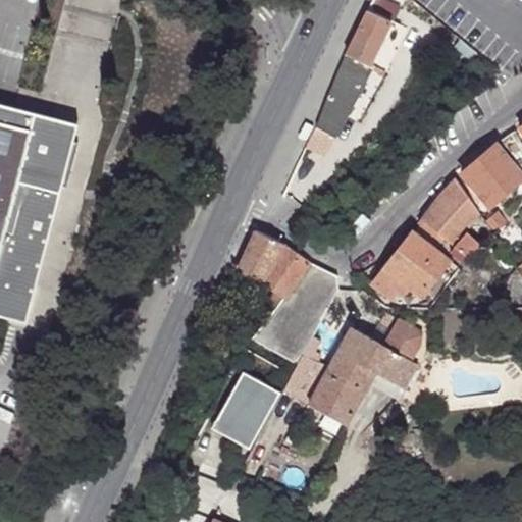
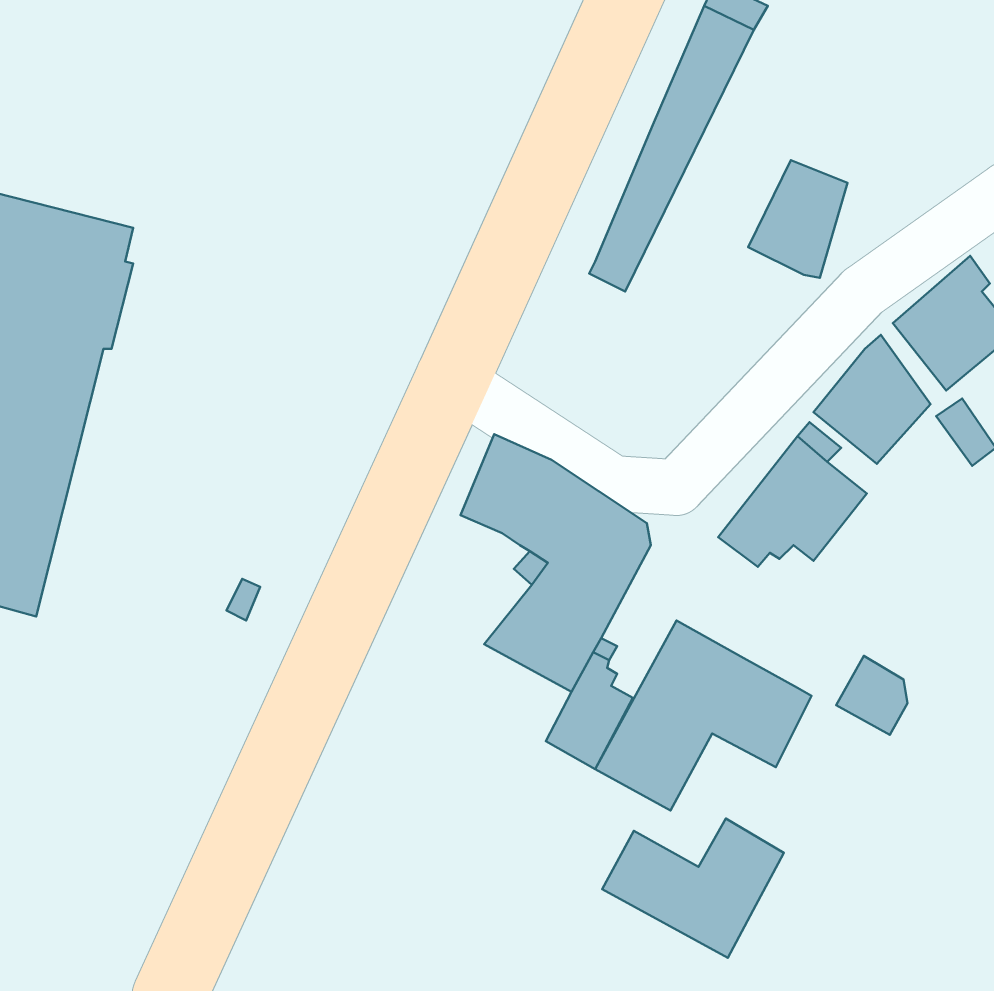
building: none -> [748,160,848,278]
building: [385,320,422,361] -> [836,656,908,735]
building: [211,374,277,447] -> none
building: none -> [602,818,784,958]

